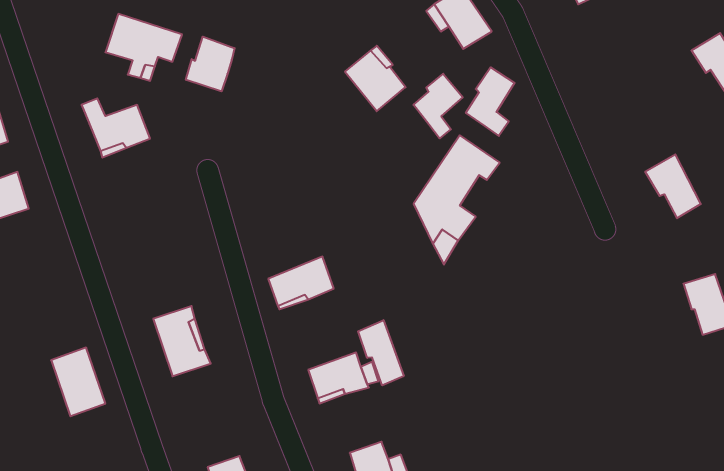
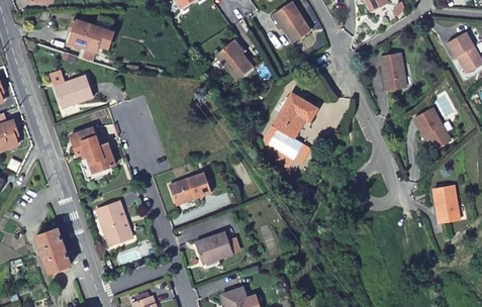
building: [186,37,235,91] -> none
building: none -> [376,48,404,87]
building: [466,67,515,136] -> none
building: [413,74,463,138] -> none
building: none -> [73,128,118,173]
building: [358,320,404,385] -> none

